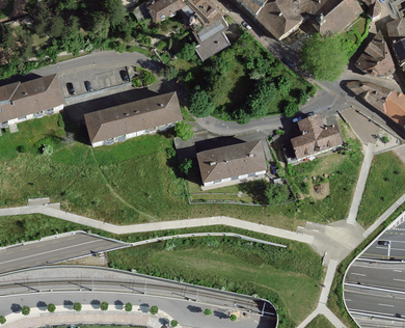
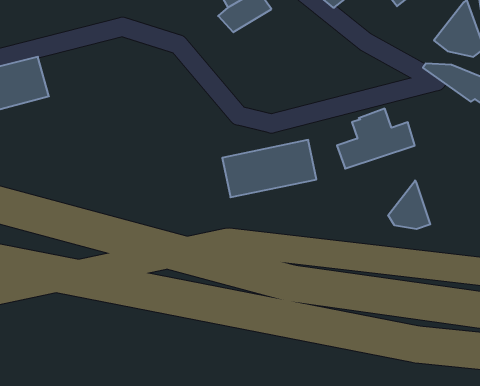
building: [82,91,181,144] -> none
building: none -> [388,180,430,229]

